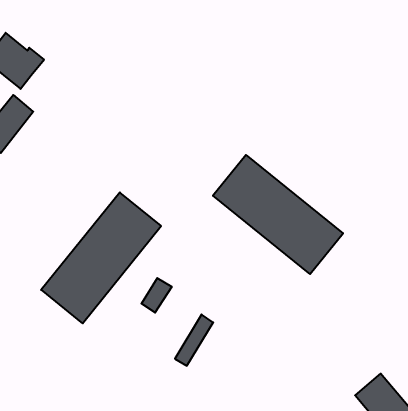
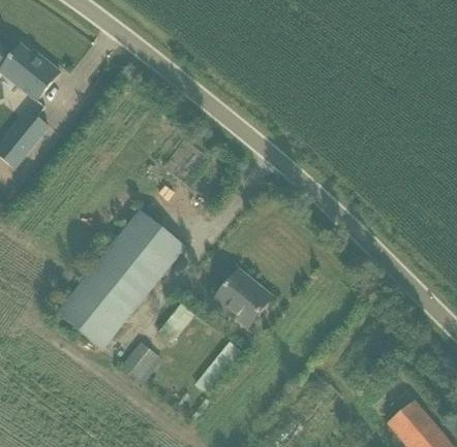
building: [213,155,343,274] -> none
building: none -> [212,266,271,325]
building: none -> [121,342,158,380]

